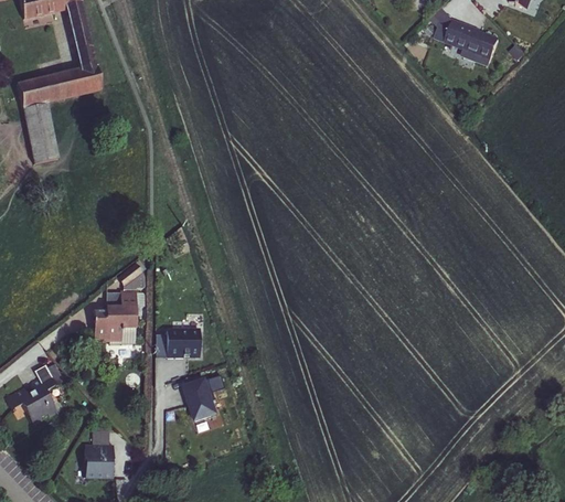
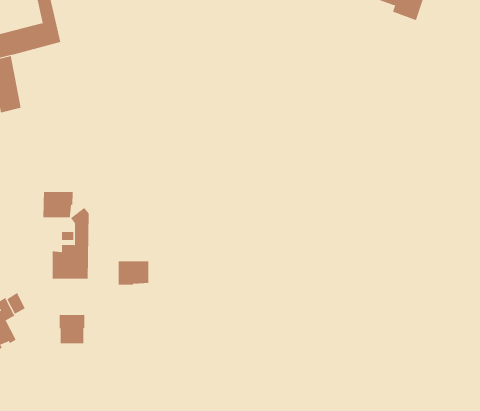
building: none -> [43,191,73,218]
building: [183,377,215,419] -> none
building: [85,442,114,474] -> [59,314,85,344]

